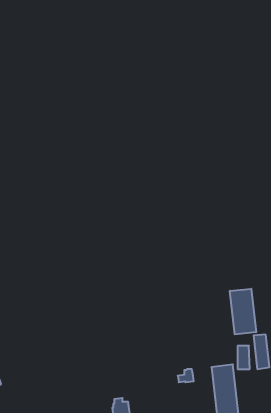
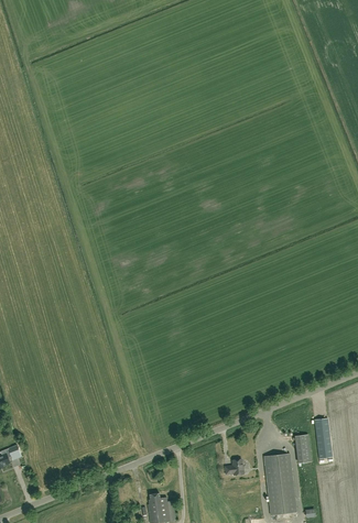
building: [230,289,256,334] -> none

